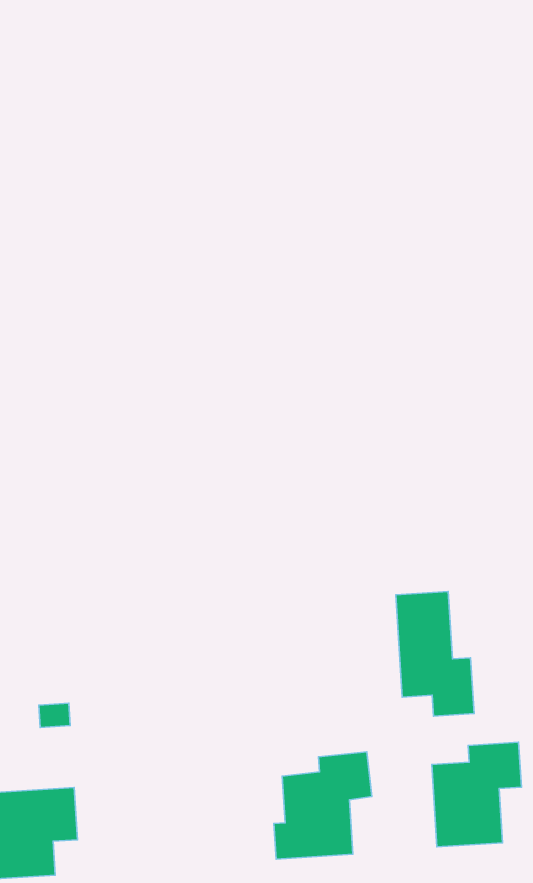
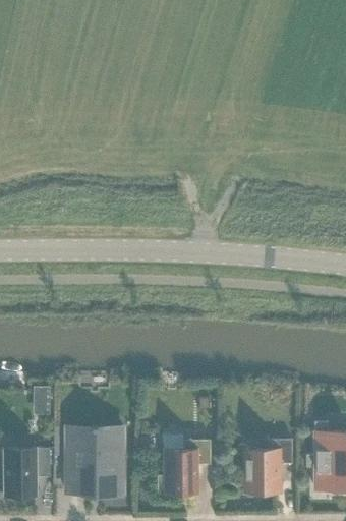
building: [396,592,474,716] -> none
building: none -> [66,427,123,496]

